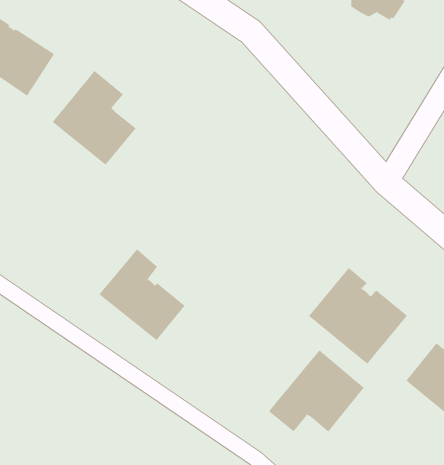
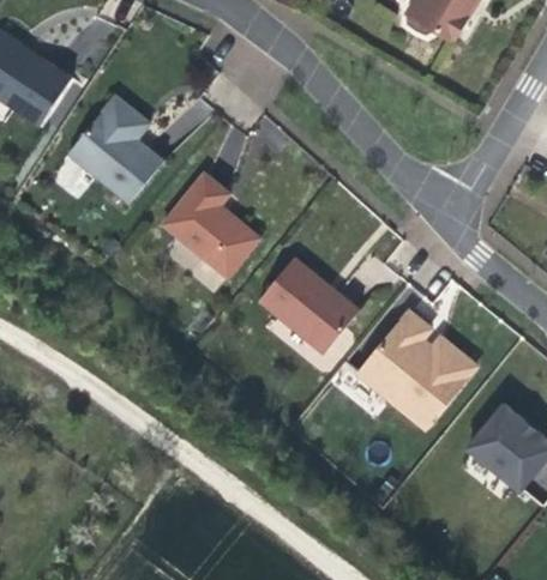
building: none -> [260,256,360,352]
building: [99,249,185,341] -> [162,173,260,277]
building: [268,349,365,432] -> none

